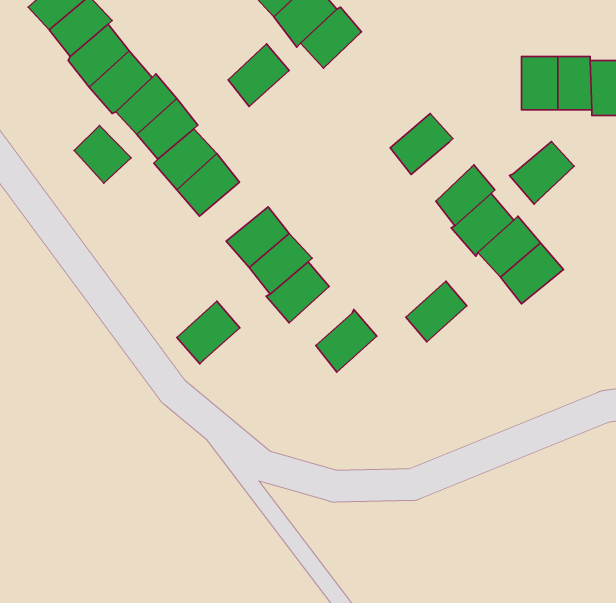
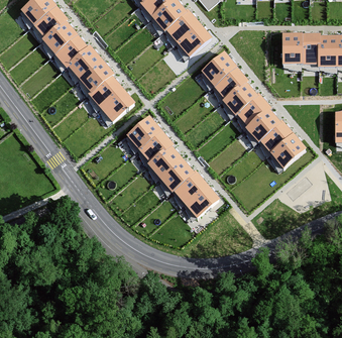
building: [228,44,289,106] -> [178,24,210,58]
building: none -> [201,54,234,86]
building: [74,126,131,183] -> none
building: [509,141,574,204] -> [222,83,256,116]
building: [406,281,467,342] -> [185,186,217,218]
building: [177,301,240,364] -> [159,159,193,193]

